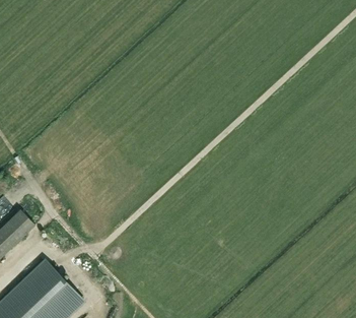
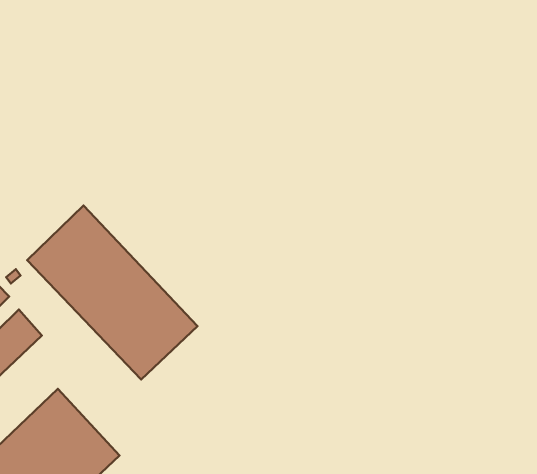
building: none -> [27,206,197,379]

